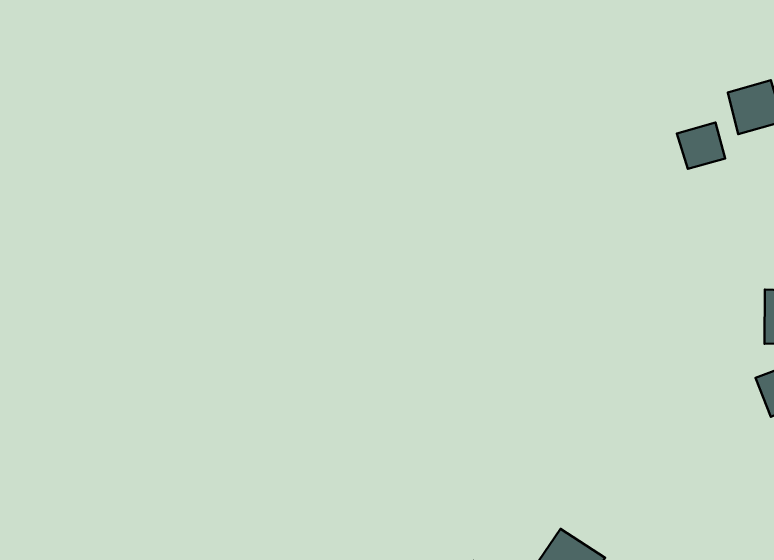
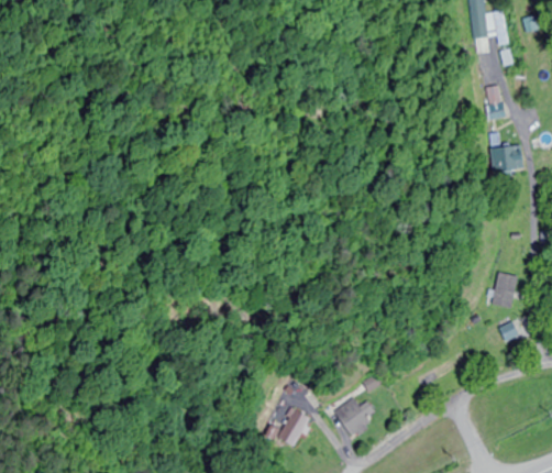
building: [677,123,725,169] -> none

